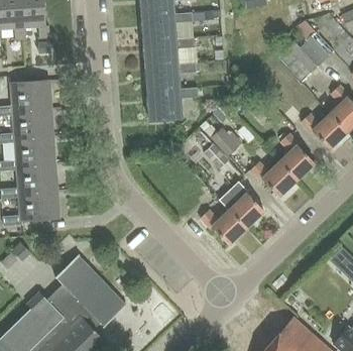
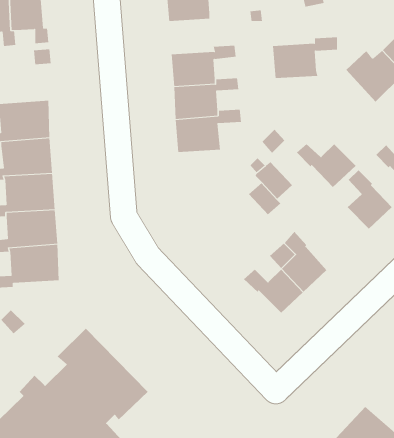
building: [142,12,193,44] -> [272,37,338,79]
building: [250,162,297,197] -> [296,143,356,188]

